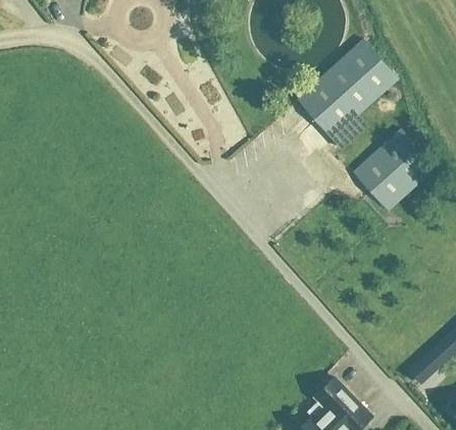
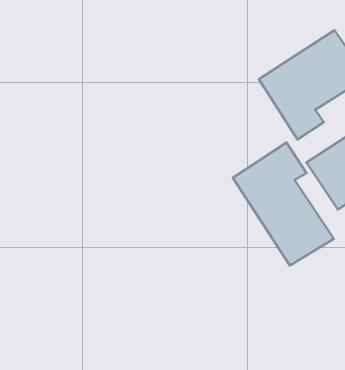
building: none -> [233,143,334,265]

